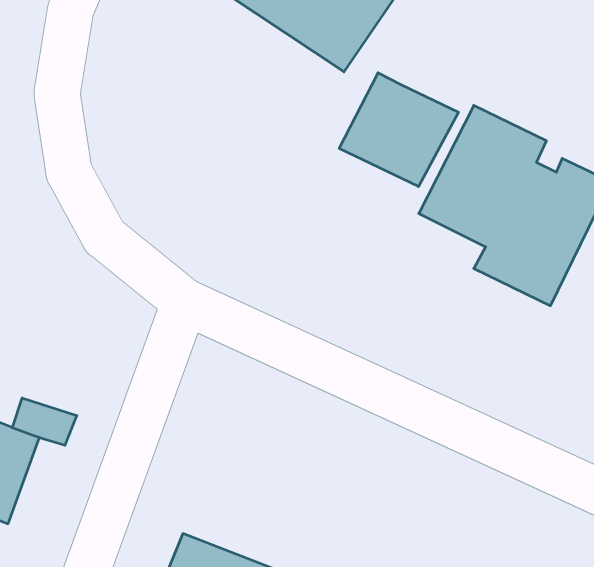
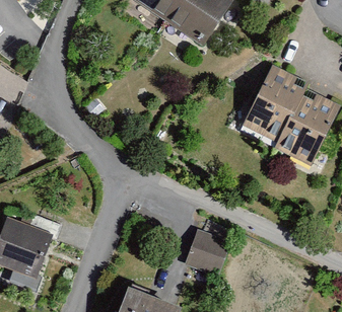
building: [339,73,458,187] -> none
building: none -> [186,227,231,275]

